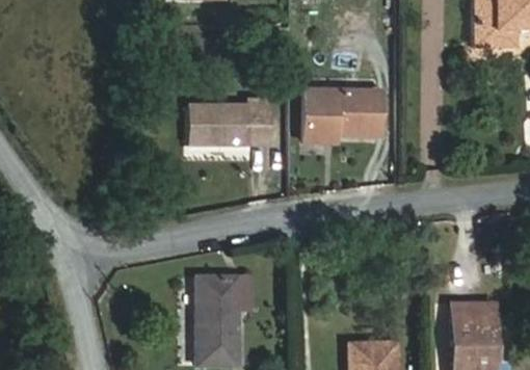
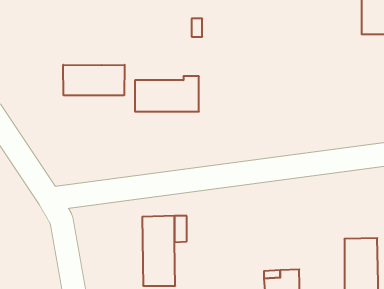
building: none -> [63,65,125,95]
building: [304,90,377,142] -> none

